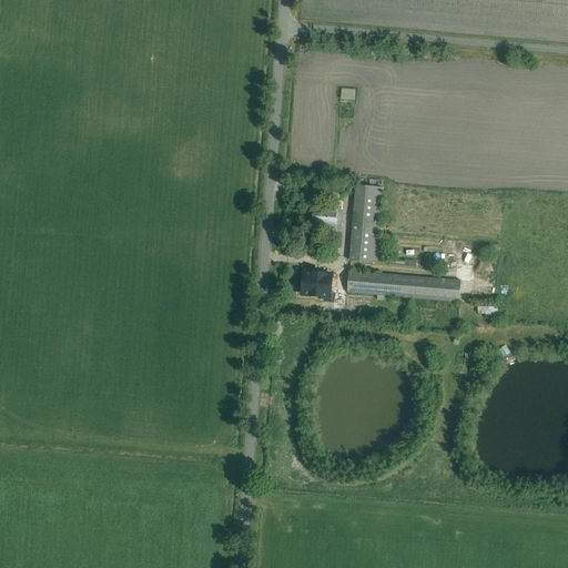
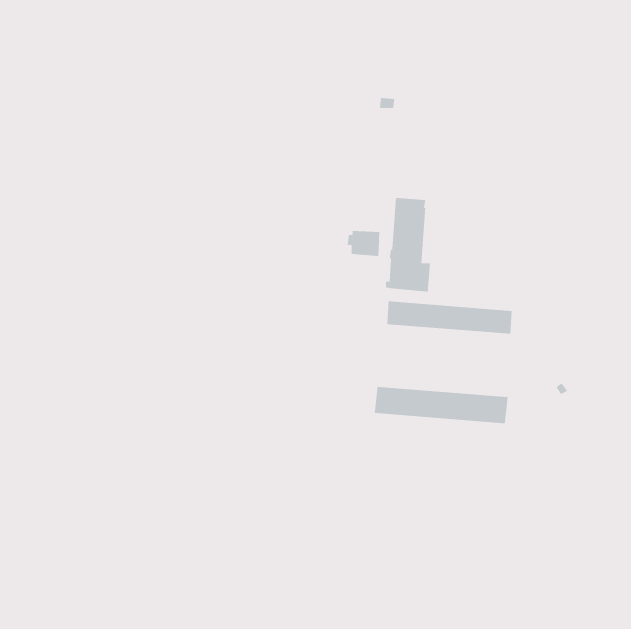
building: [298,271,326,294] -> none
building: none -> [374,386,508,424]

